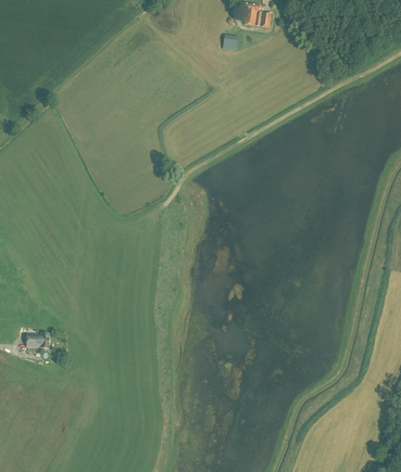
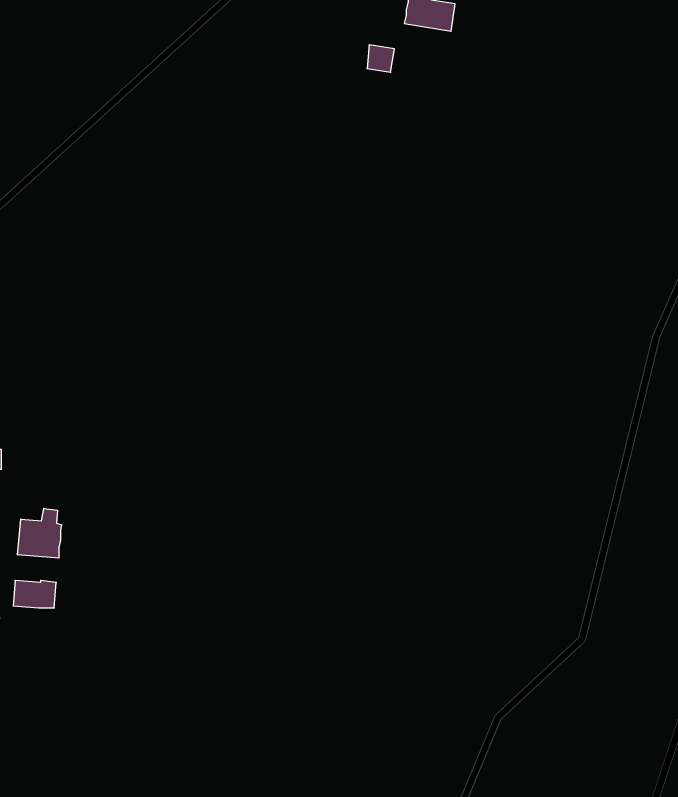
building: none -> [18,508,62,558]

